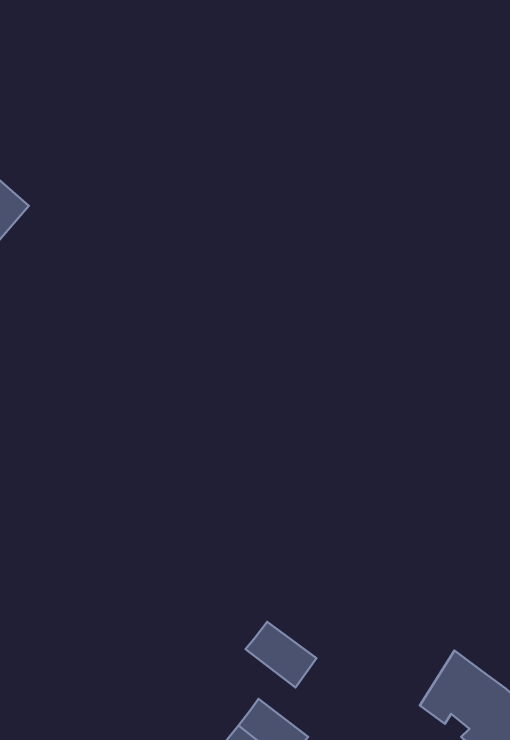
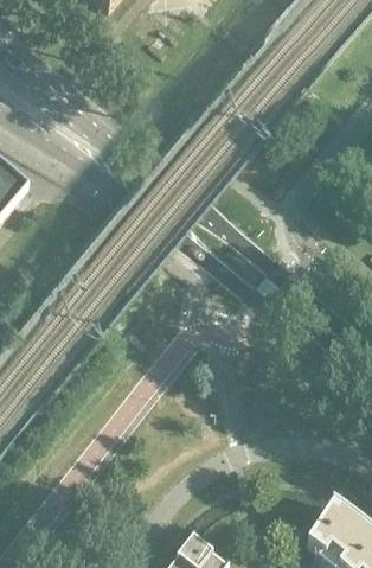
building: [246,622,317,688] -> none

